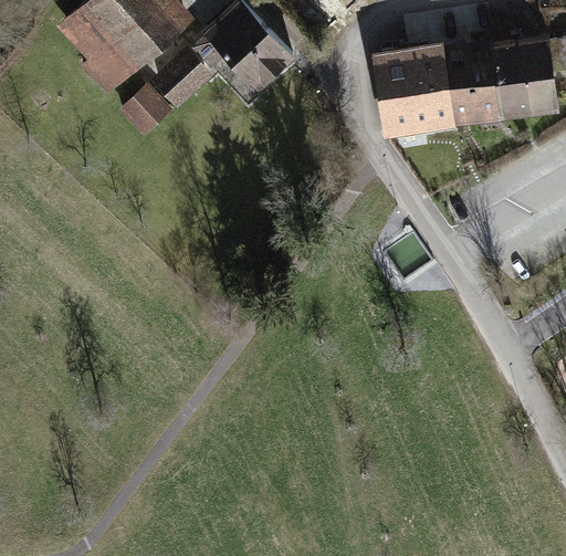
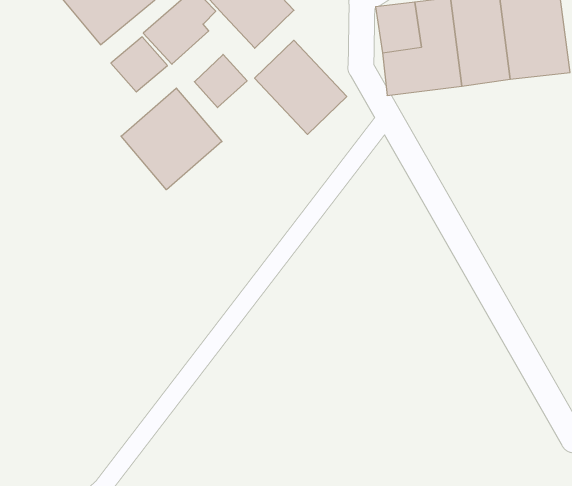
building: none -> [255,40,347,134]
building: none -> [194,54,247,108]
building: none -> [121,88,222,190]

